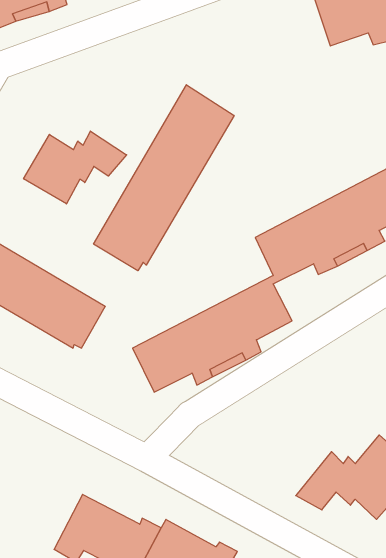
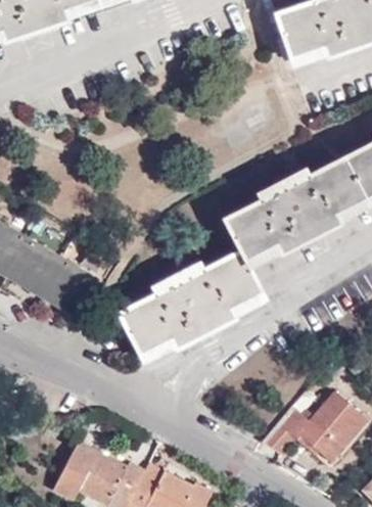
building: [94,85,234,271] -> none
building: [24,131,127,204] -> none

